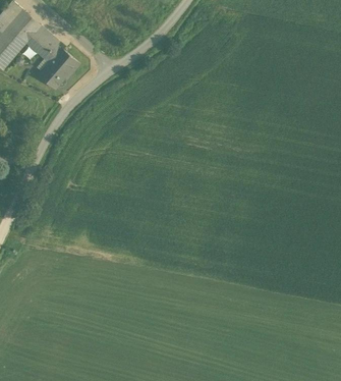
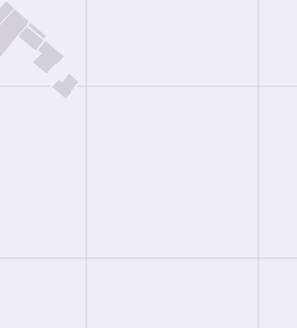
building: none -> [51,72,79,100]

